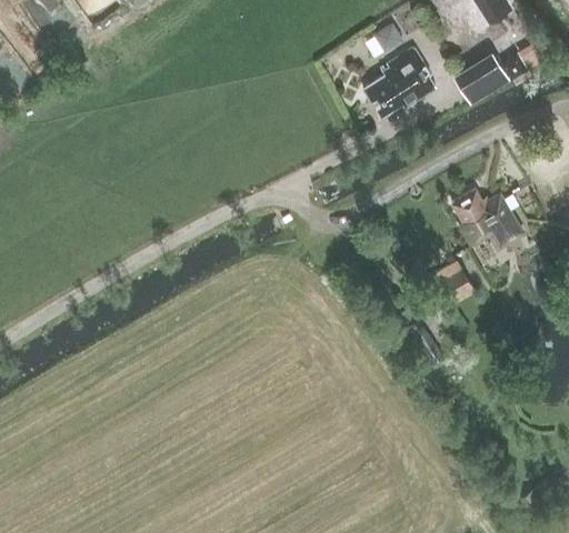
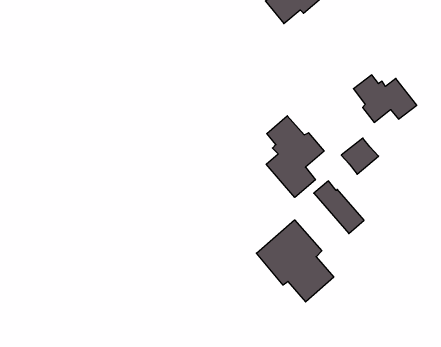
building: none -> [266,116,324,197]
building: none -> [256,220,334,302]

